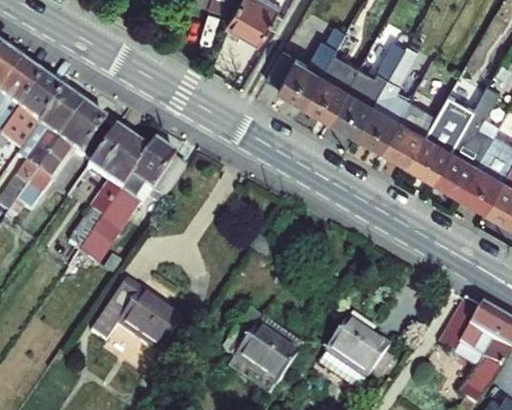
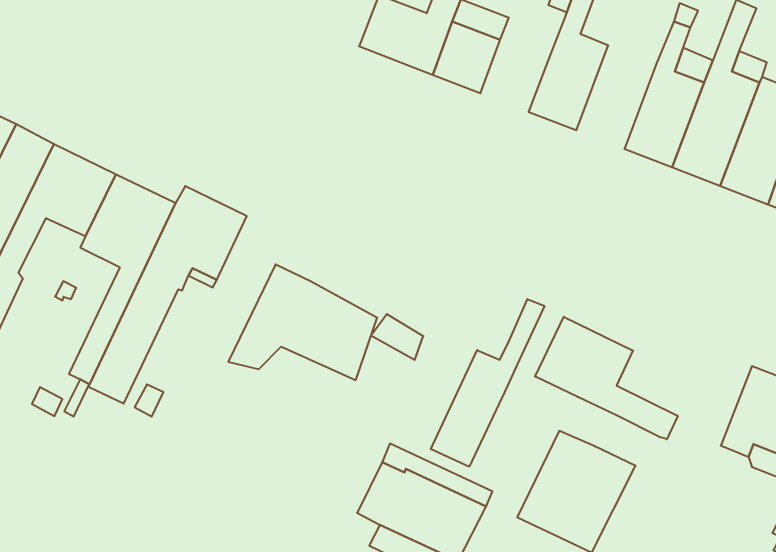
building: [332,86,374,130] -> none
building: [384,99,436,160] -> none
building: none -> [431,299,544,467]
building: none -> [535,317,678,439]
building: [91,278,181,352] -> [228,264,377,380]

